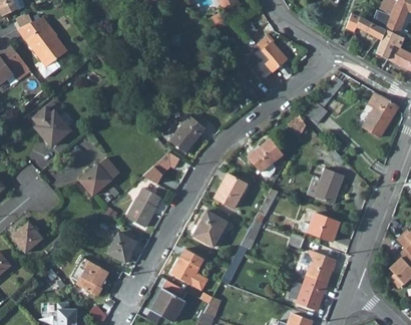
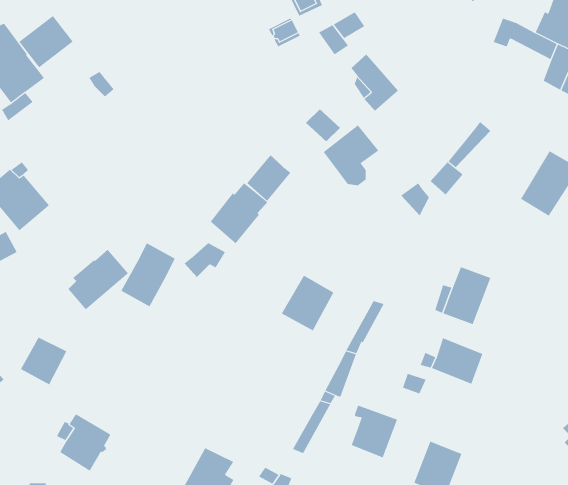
building: none -> [18,15,74,68]
building: none -> [247,154,291,201]
building: [248,139,283,178] -> [323,125,379,186]
building: [126,188,160,228] -> [121,242,176,307]
building: [193,211,227,248] -> none
building: [107,233,136,263] -> [20,337,67,385]
building: [170,249,208,291] -> none
building: [306,252,335,285] -> [351,405,398,458]

